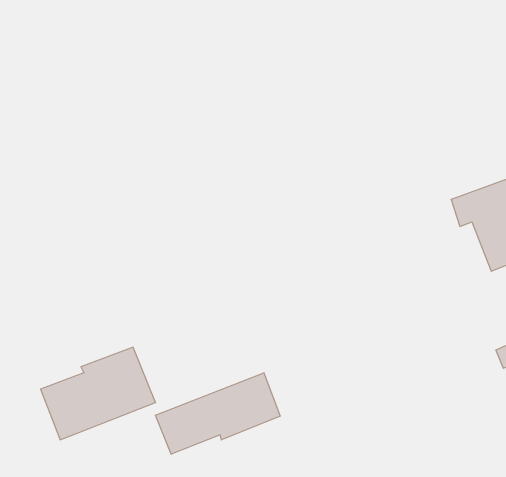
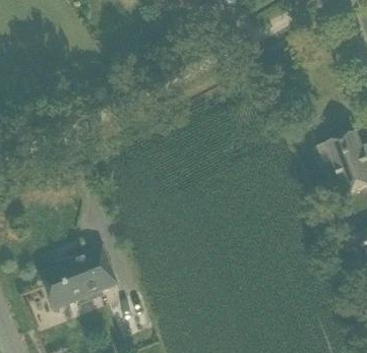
building: [155,373,280,454] -> none

